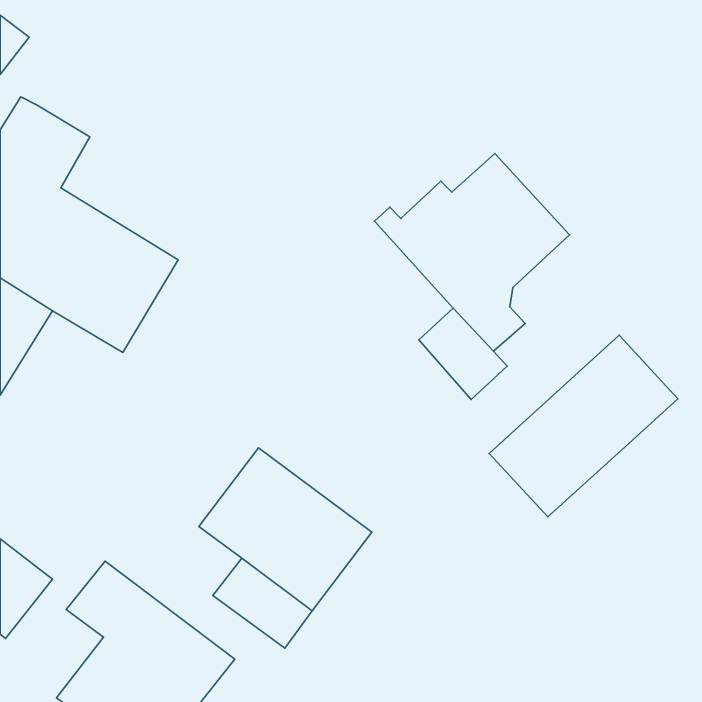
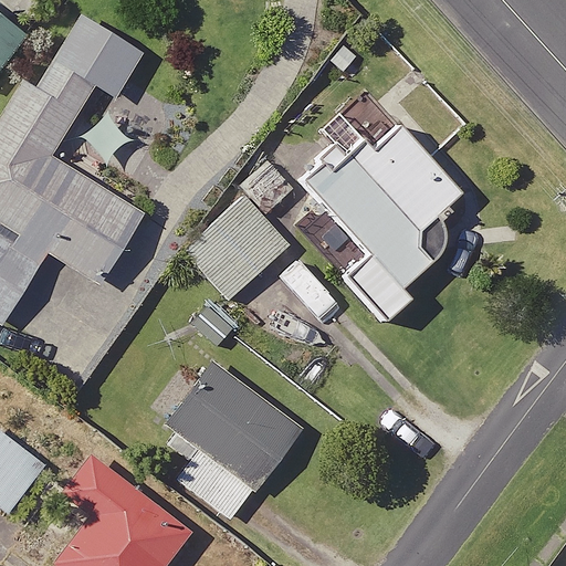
building: none -> [33,12,145,113]
building: none -> [184,197,290,301]
building: [489,335,678,517] -> none

